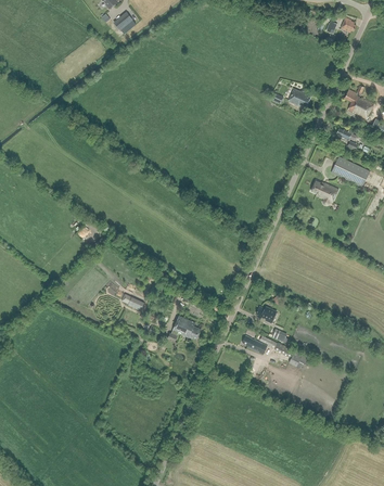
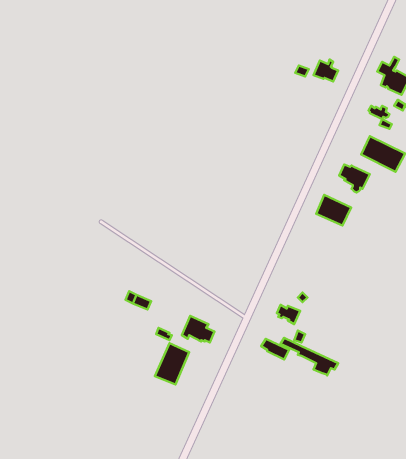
building: none -> [316,195,351,225]
building: none -> [155,343,189,385]

